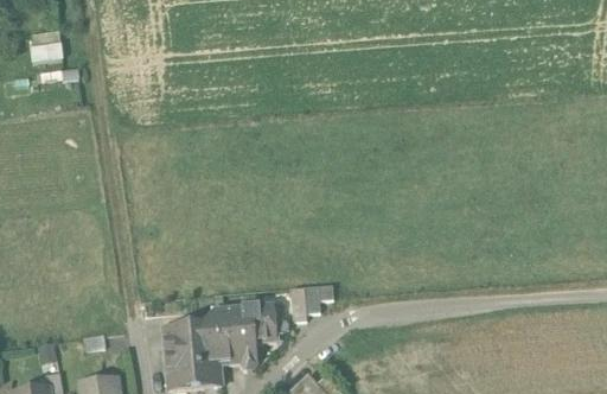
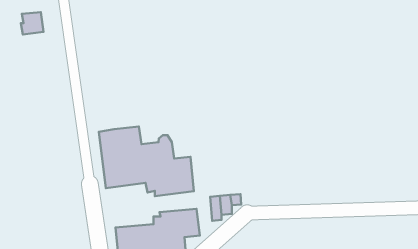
building: none -> [99,127,194,196]

